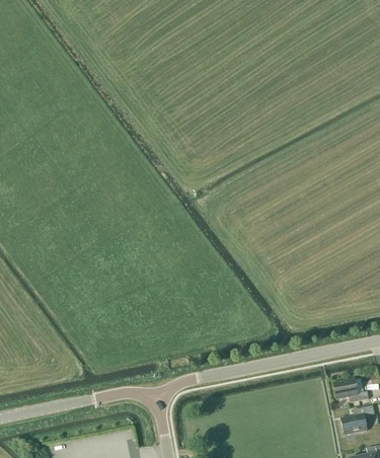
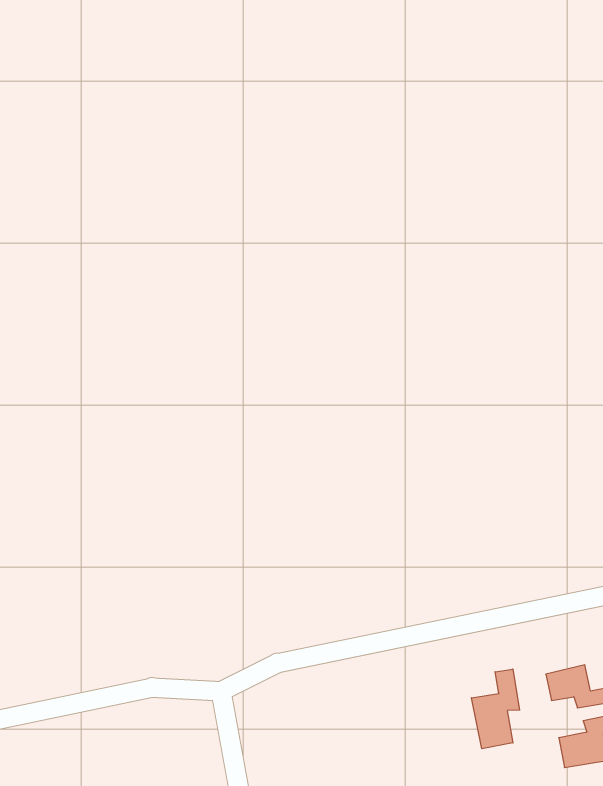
building: none -> [471,669,520,749]

